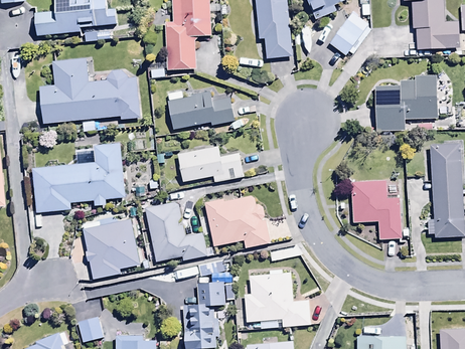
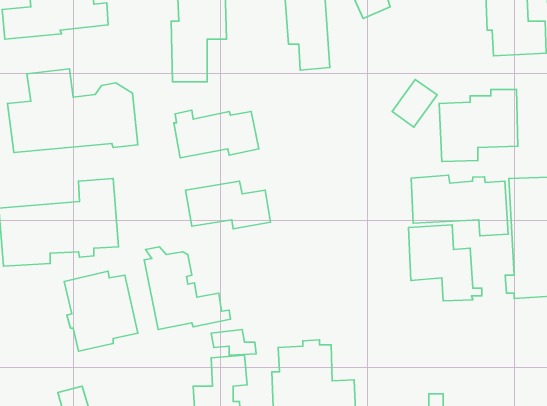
building: [328,19,363,56] -> [392,79,437,127]
building: none -> [411,175,508,236]
building: [204,195,270,247] -> none

